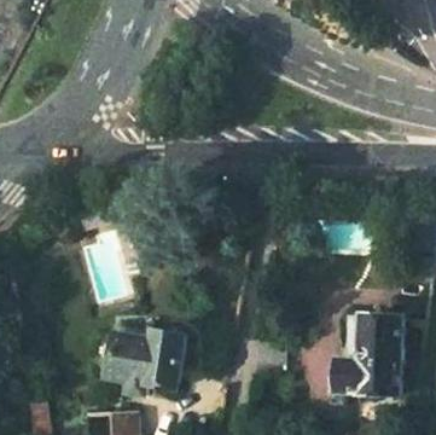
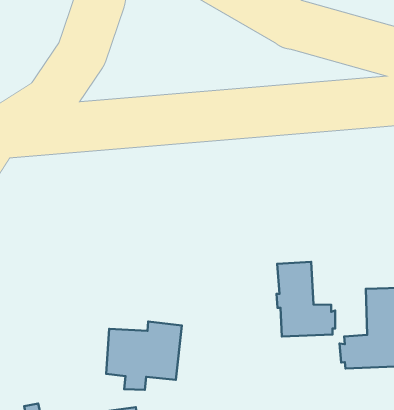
building: none -> [277,262,335,337]

